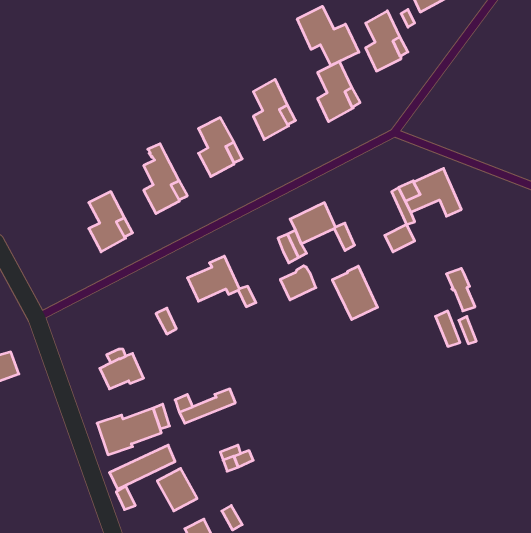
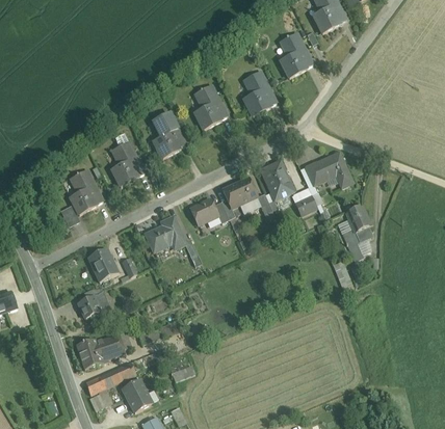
building: [297,6,359,65] -> none
building: none -> [346,205,372,241]
building: [280,266,316,300] -> [190,198,217,224]
building: [332,266,378,320] -> [260,160,294,200]
building: none -> [87,248,116,281]

